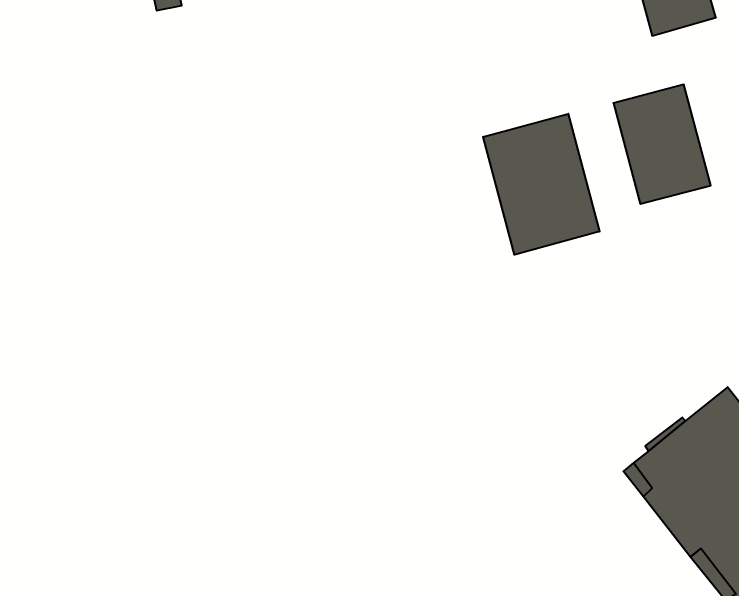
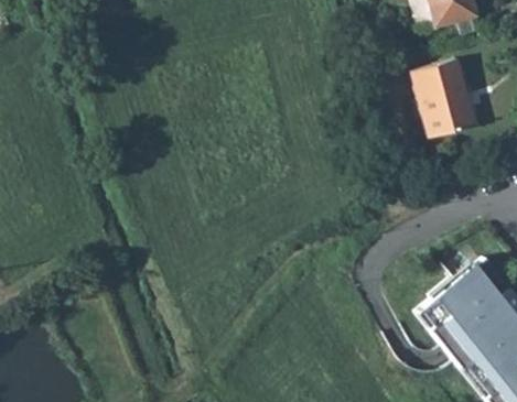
building: [483,114,600,255] -> none

